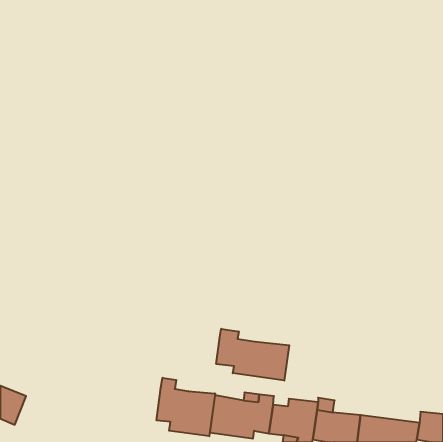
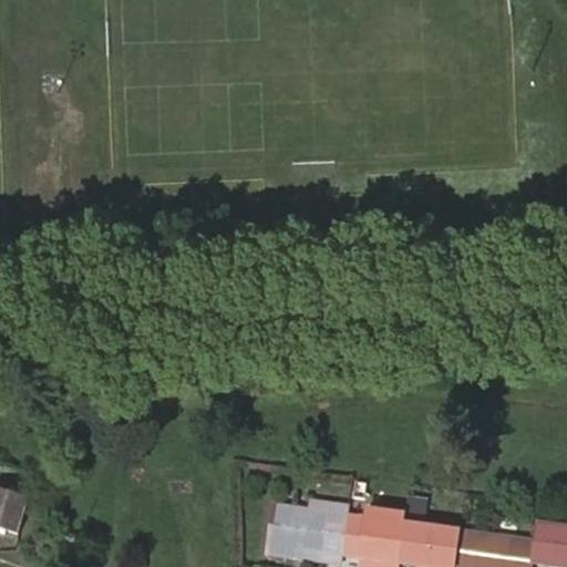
building: [216,329,289,381] -> none
building: [157,378,215,436] -> none

